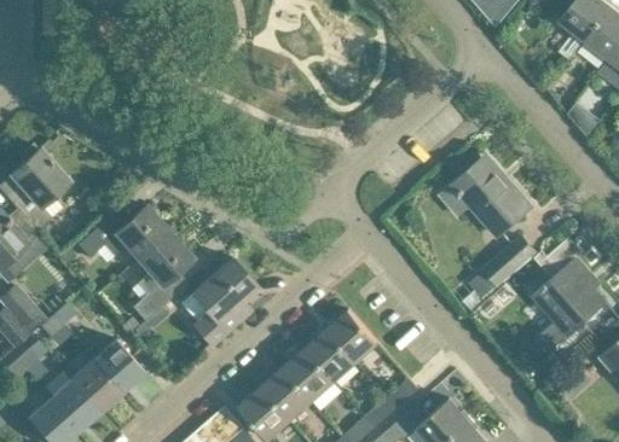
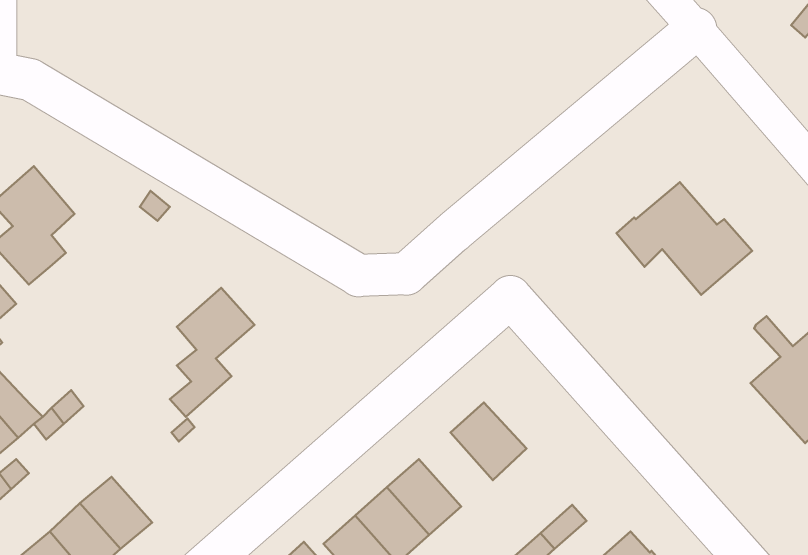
building: [76,207,167,258] -> none
building: [484,239,533,286] -> none
building: [190,258,255,344] -> none
building: [302,331,353,382] -> none
building: [92,341,141,392] -> none

